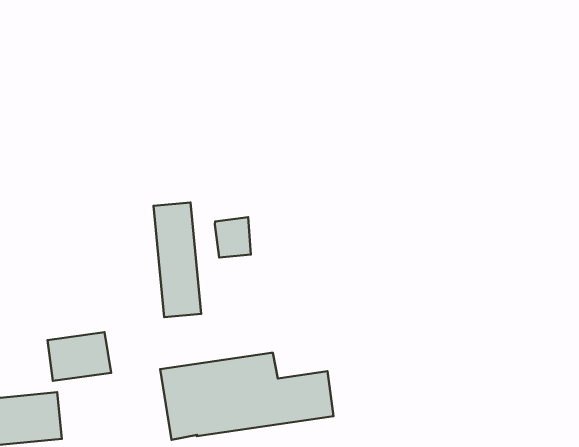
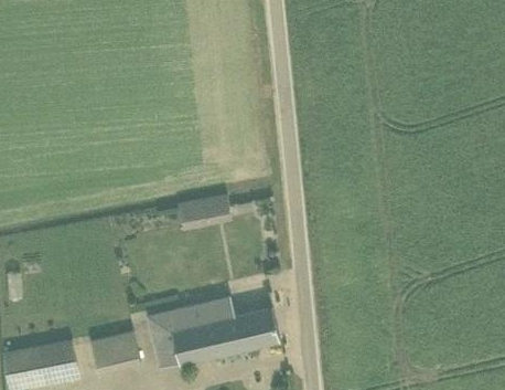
building: [153,202,201,317] -> none
building: [48,332,111,381] -> [90,330,140,370]

